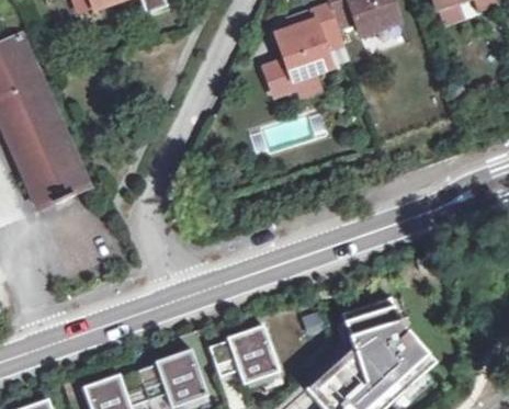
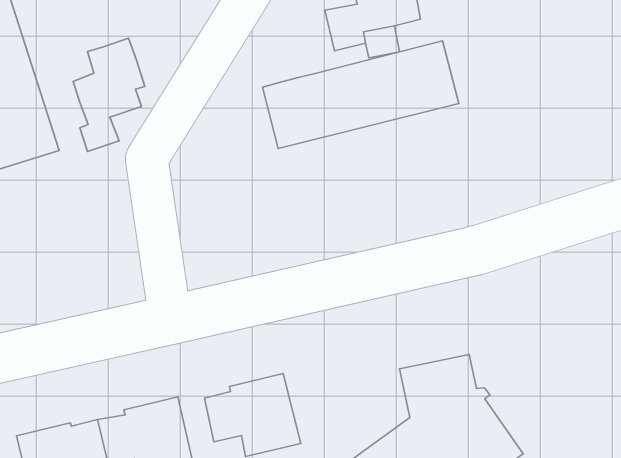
building: none -> [263,41,459,149]
building: none -> [73,38,145,152]

